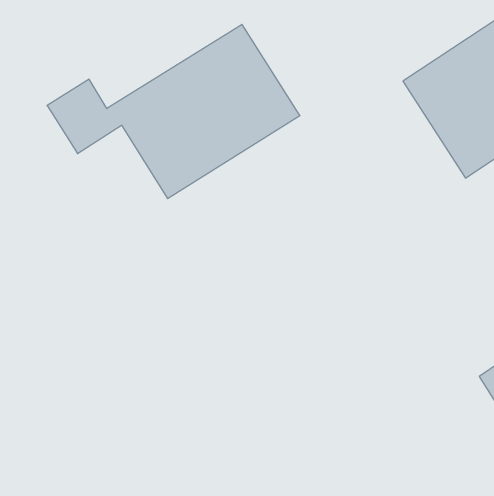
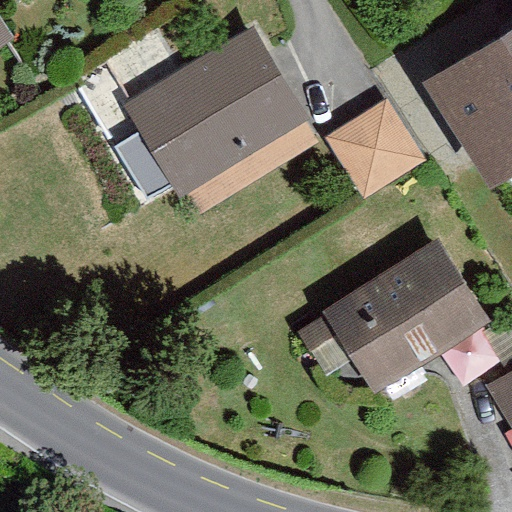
building: none -> [332,102,426,196]
building: none -> [298,240,489,394]

